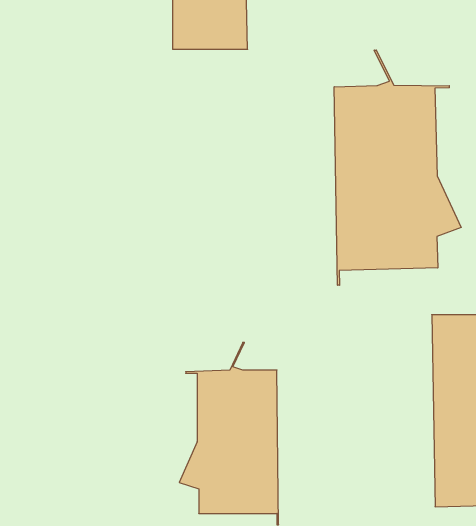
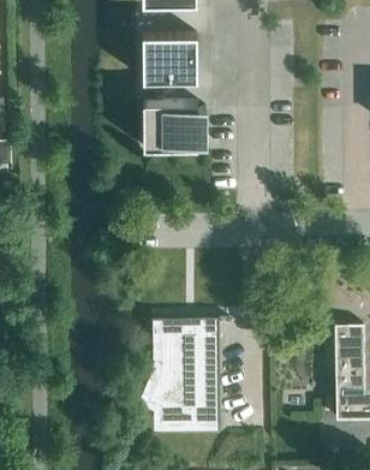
building: [334,50,461,285] -> none
building: none -> [142,102,205,148]

